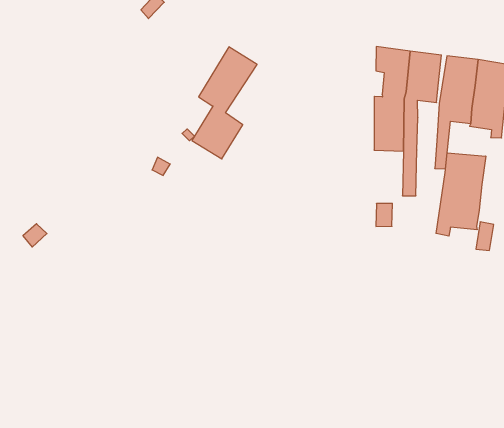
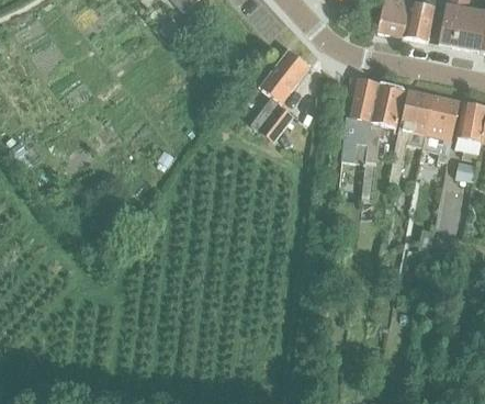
building: [192,47,257,159] -> [250,50,309,142]
building: [436,153,486,236] -> none

